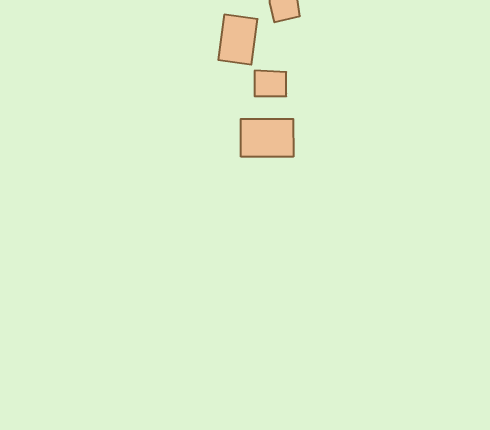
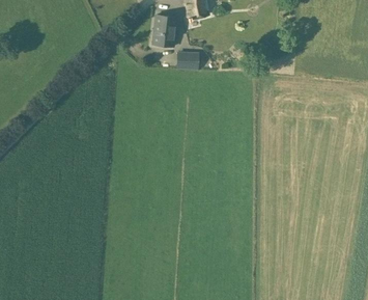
building: [241,119,293,157] -> none

